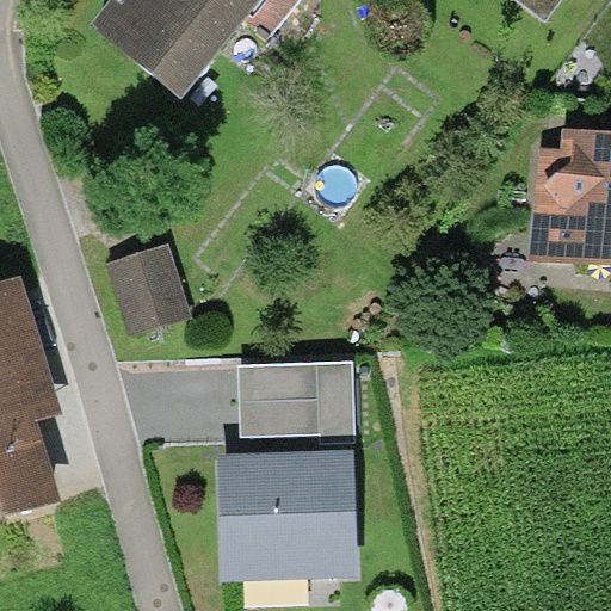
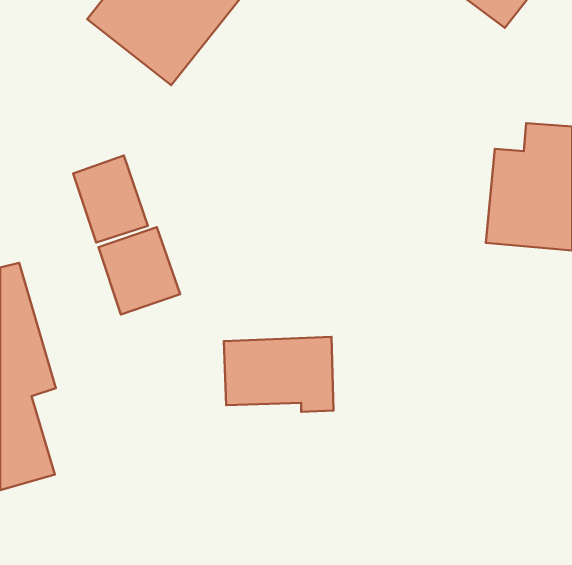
building: none -> [73,156,148,242]
building: [218,451,357,576] -> none

